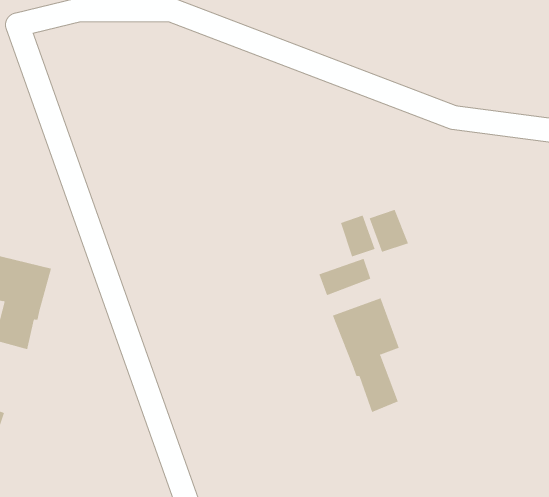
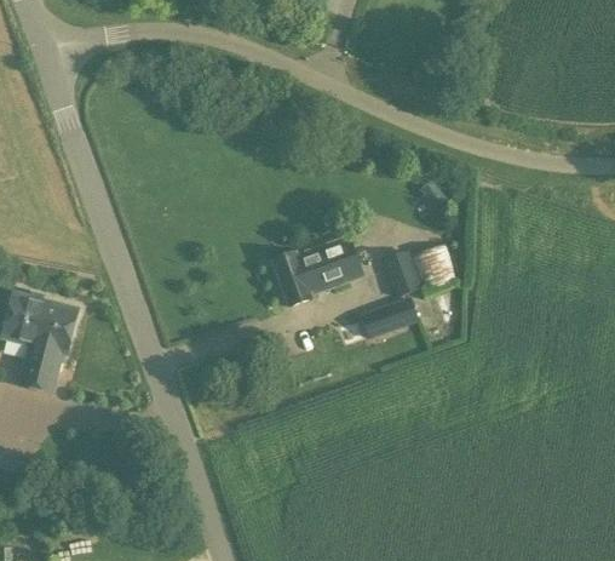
building: none -> [272,240,361,308]
building: [332,297,400,413] -> none

